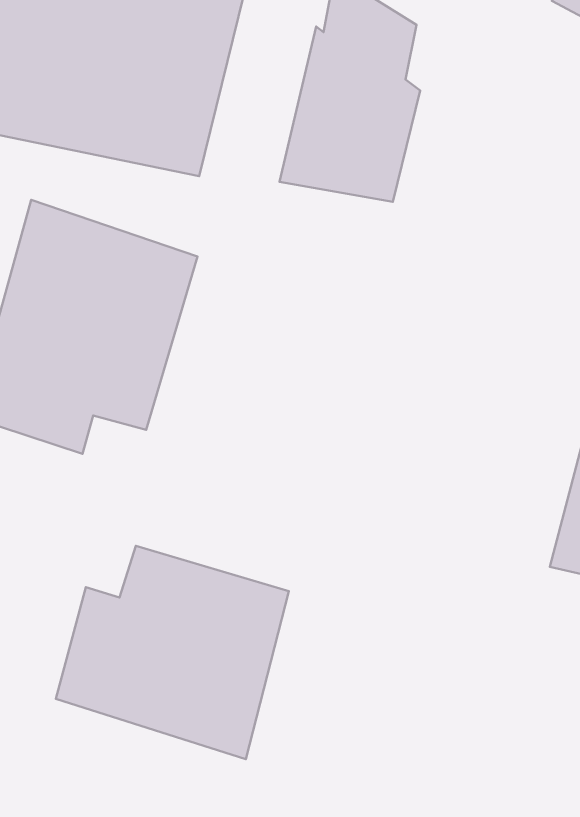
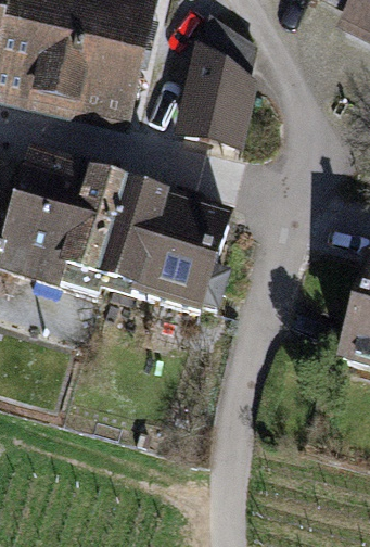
building: none -> [95,177,229,316]
building: [56,546,289,759] -> none

